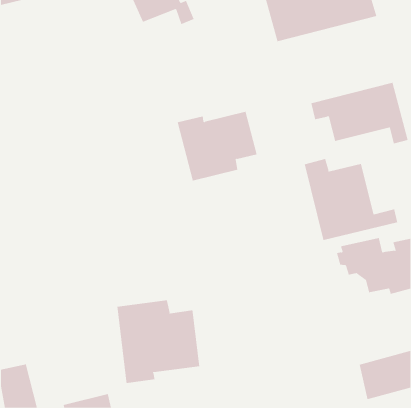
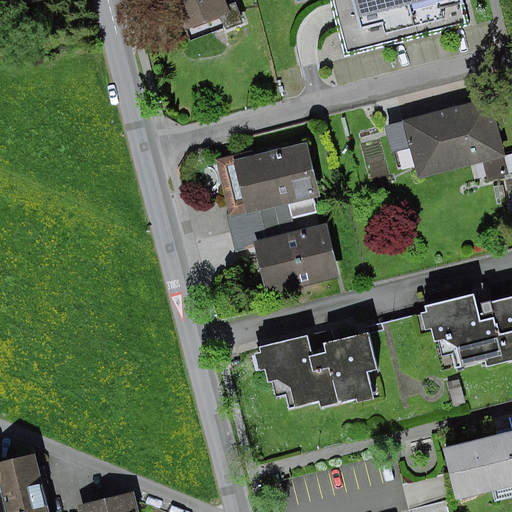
building: [304,158,398,241] -> none
building: none -> [239,211,340,287]
building: none -> [253,333,373,408]
building: [117,300,200,384] -> none

